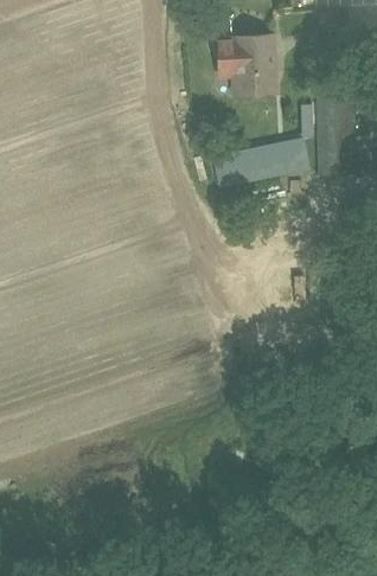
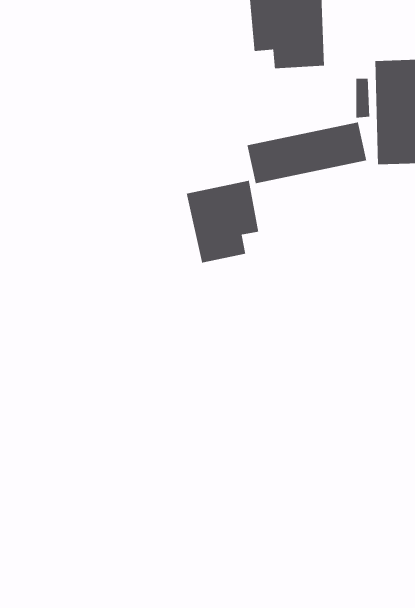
building: none -> [186,180,259,263]

